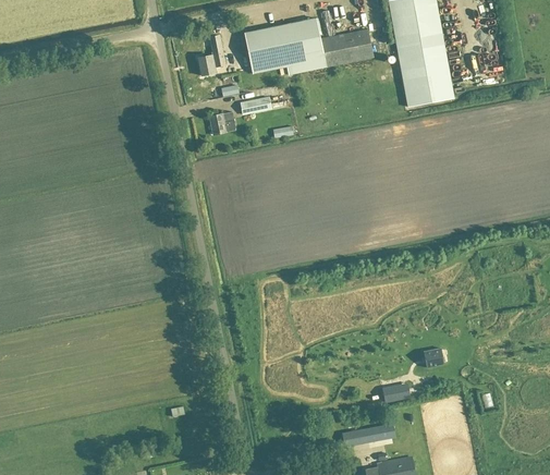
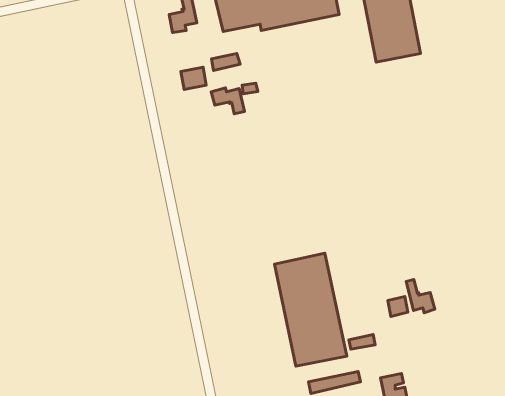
building: none -> [211,88,245,114]
building: none -> [274,253,347,366]
building: none -> [406,280,435,313]

